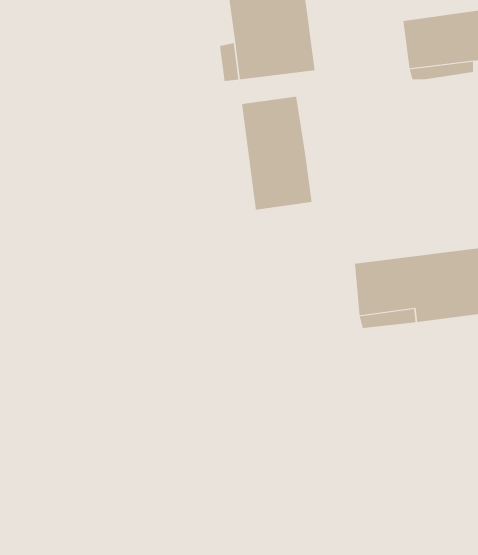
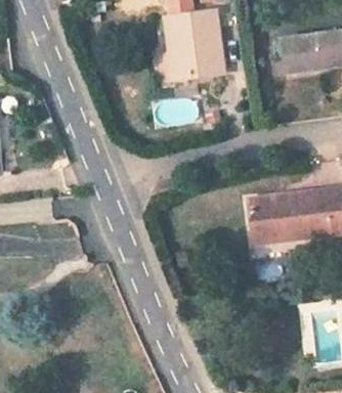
building: [241,96,312,211] -> none

